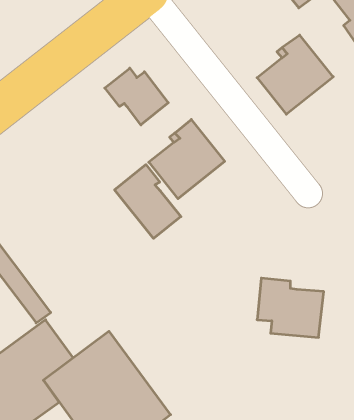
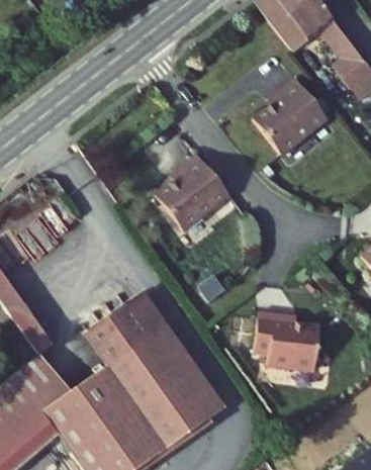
building: [105,68,168,125] -> none
building: [115,165,181,238] -> none
building: none -> [88,291,223,445]

